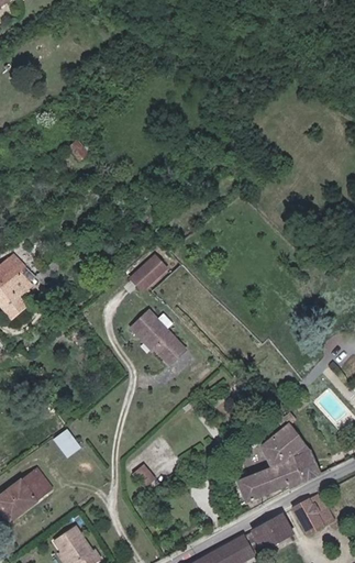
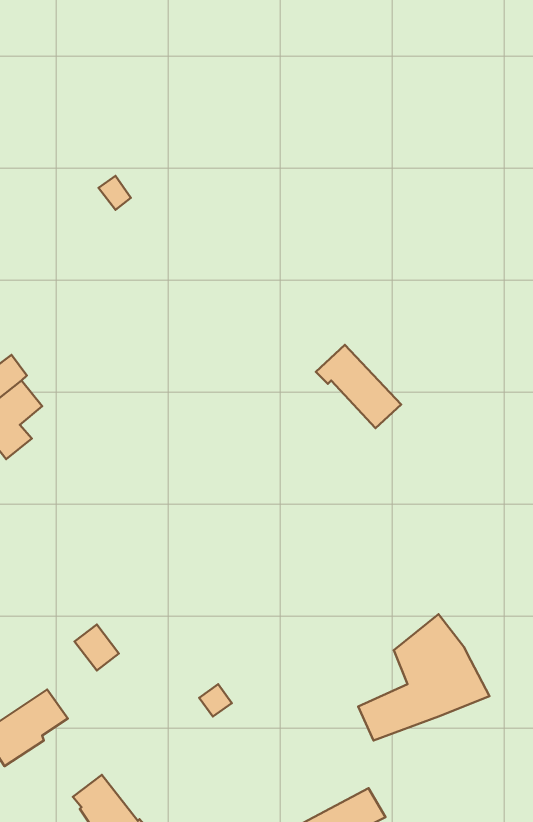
building: [131,256,166,290] -> none
building: [130,312,185,366] -> [316,345,401,428]
building: [292,495,333,534] -> none
building: [252,511,292,547] -> none

